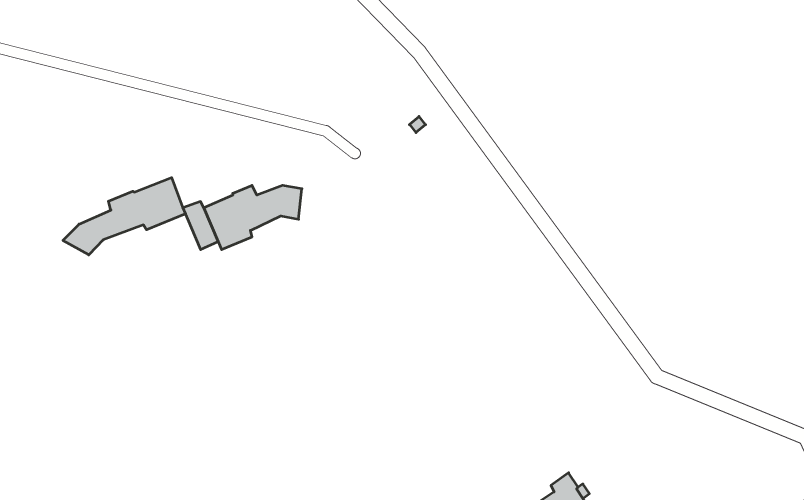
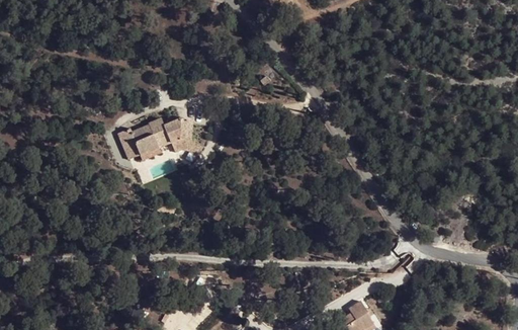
building: [63,178,185,255] -> none

